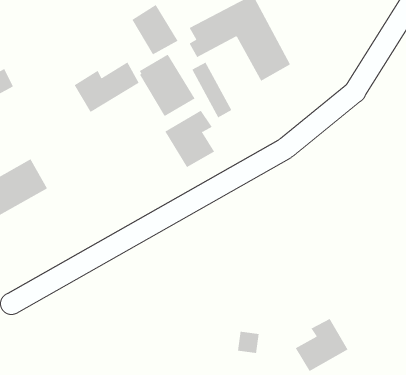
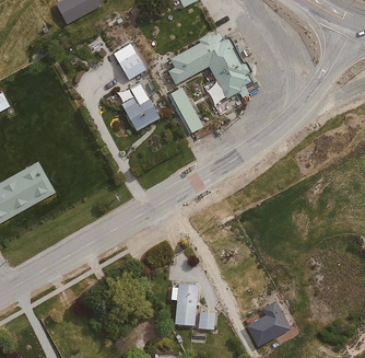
building: [74,62,140,113] -> none
building: [165,110,215,168] -> none
building: none -> [173,284,201,327]

